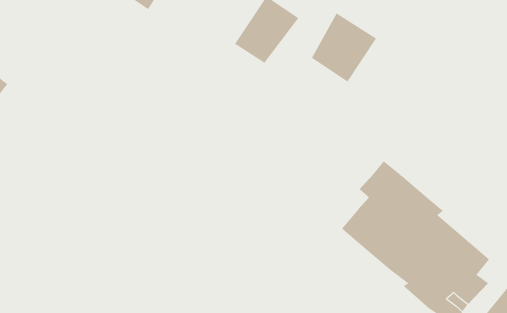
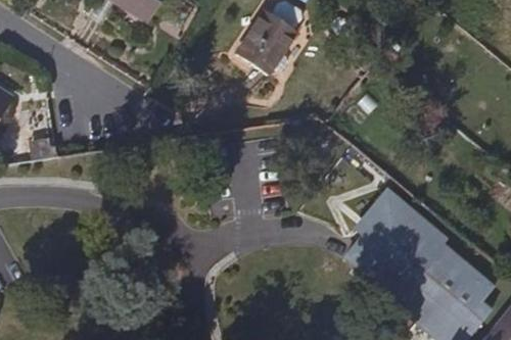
building: [311,12,377,83] -> none

